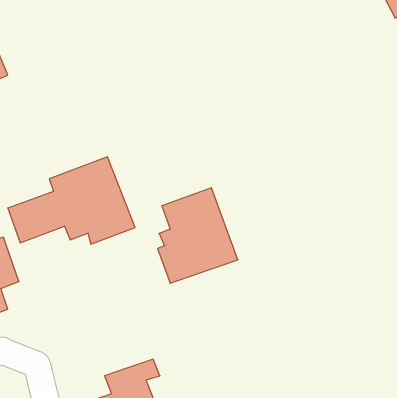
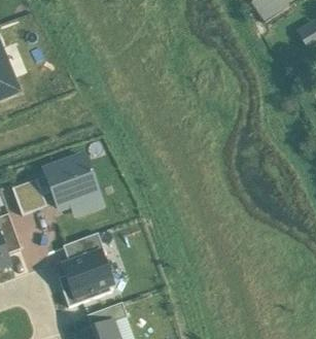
building: [158,188,238,283] -> [63,231,122,302]

